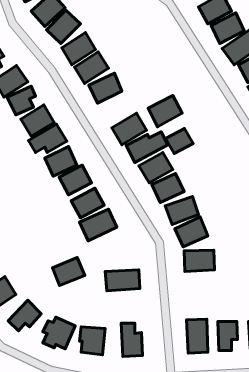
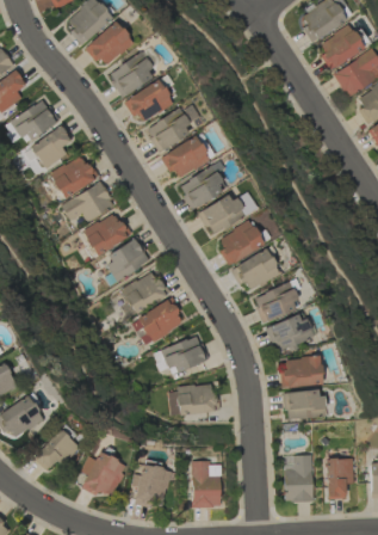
building: [148,95,182,127] -> [162,136,210,180]
building: [166,128,193,153] -> none
building: [53,258,85,286] -> [162,336,207,375]
building: none -> [284,389,324,420]

